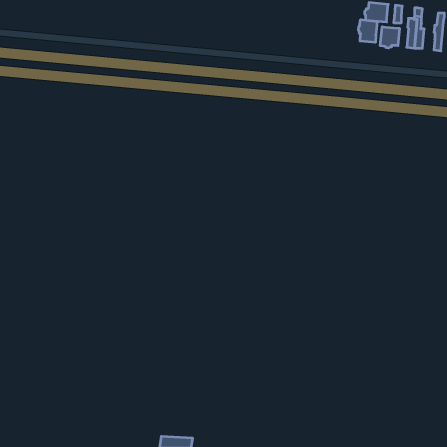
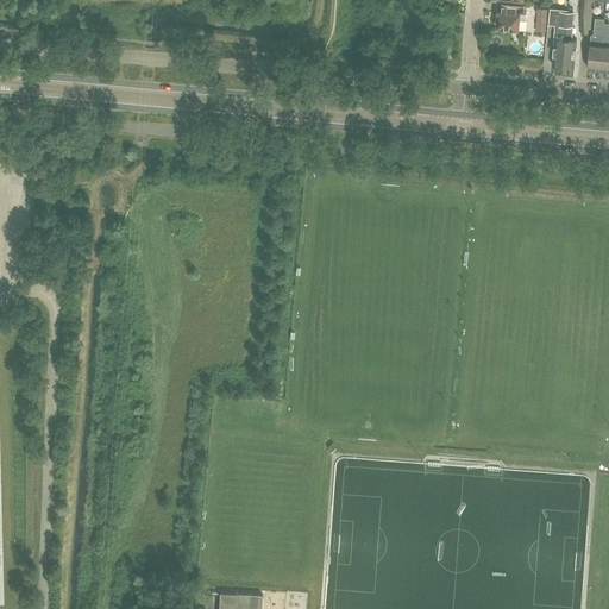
building: [358,20,377,42] -> none
building: [380,27,399,48] -> none

